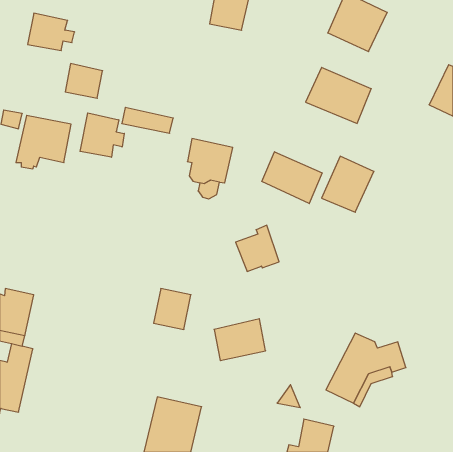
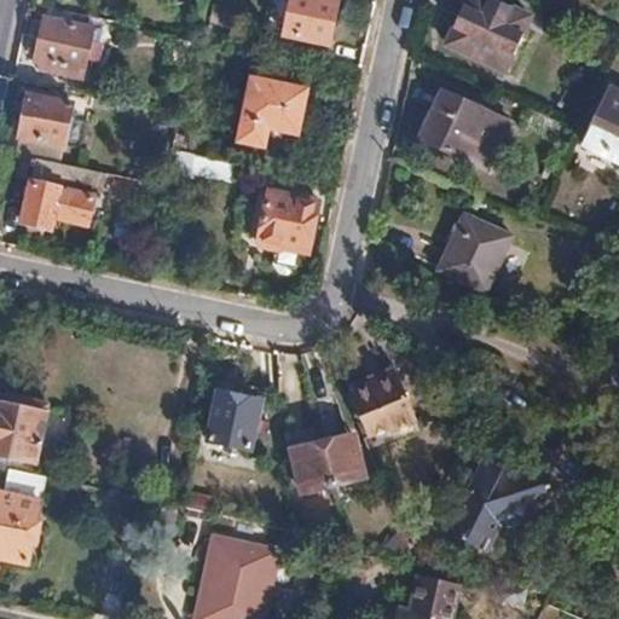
building: none -> [239,77,303,149]
building: [65,64,103,98] -> [21,93,71,140]
building: [80,113,124,157] -> none
building: [262,152,322,204] -> none
building: [236,225,279,271] -> [354,375,413,438]

